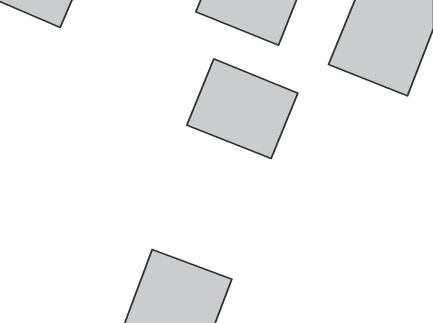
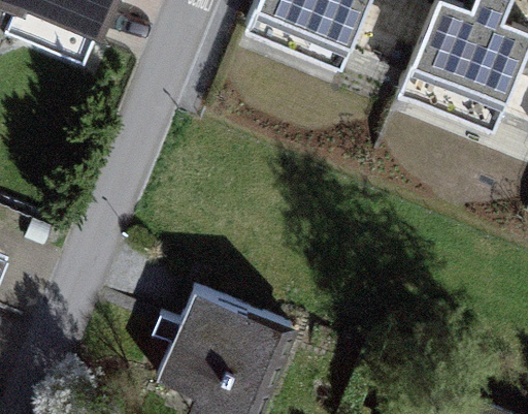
building: [187,59,298,159] -> none

